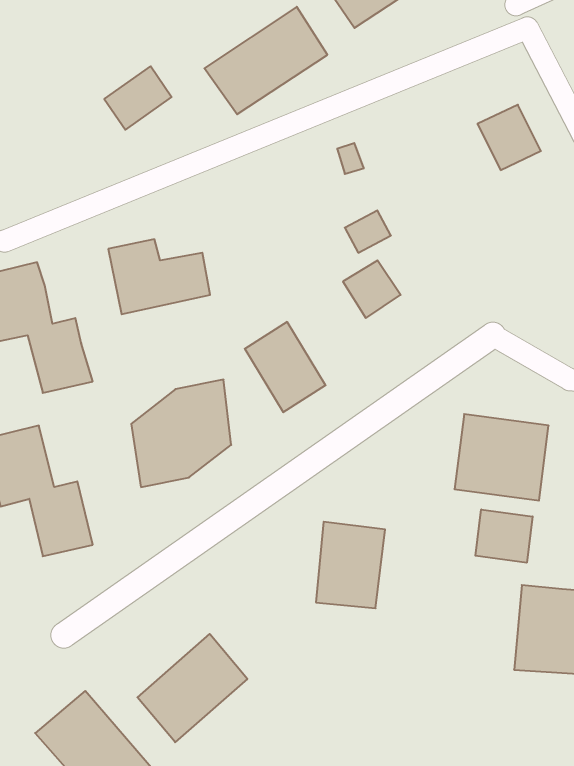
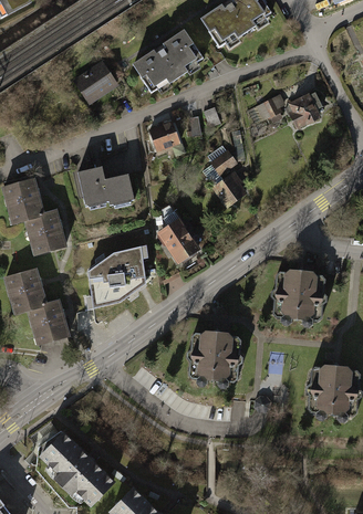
building: none -> [260,101,286,120]
building: none -> [145,123,177,150]
building: [475,509,533,563] -> none
building: [137,634,247,742] -> none

